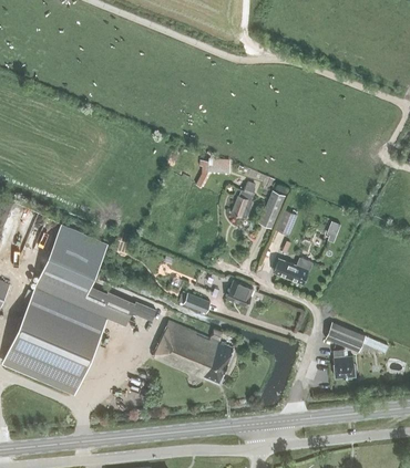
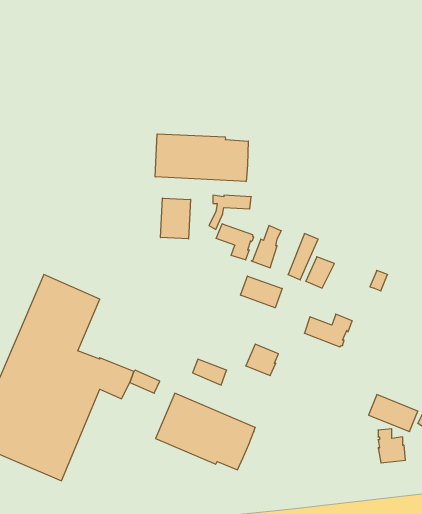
building: none -> [155,134,248,182]
building: none -> [161,198,191,239]
building: none -> [216,224,254,260]
building: none -> [241,276,282,308]

